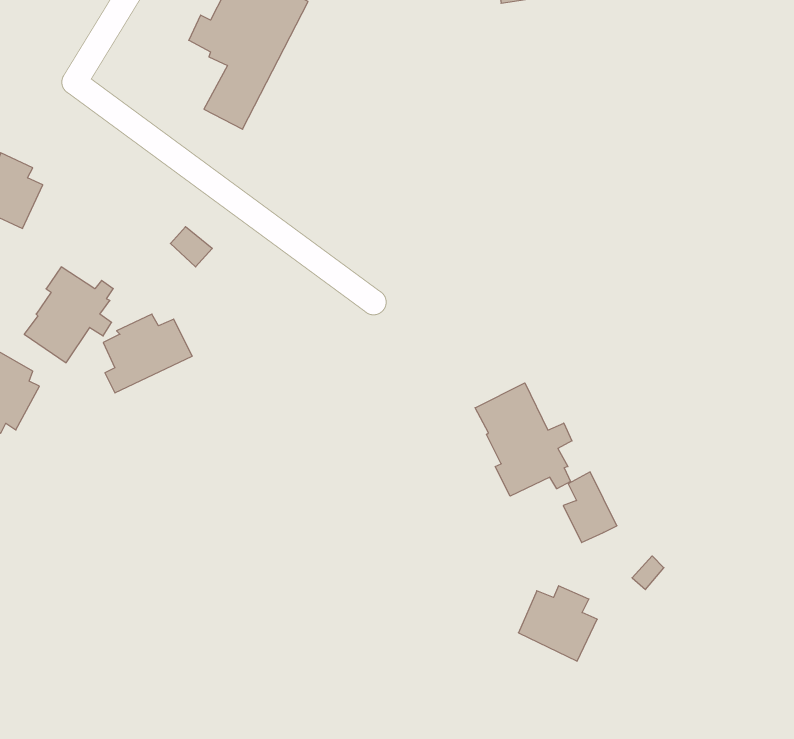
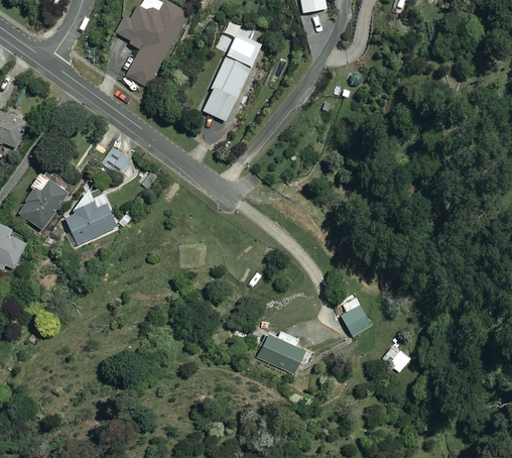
building: none -> [202,21,260,123]
building: [475,383,572,496] -> none
building: [518,586,597,661] -> [257,330,304,375]

